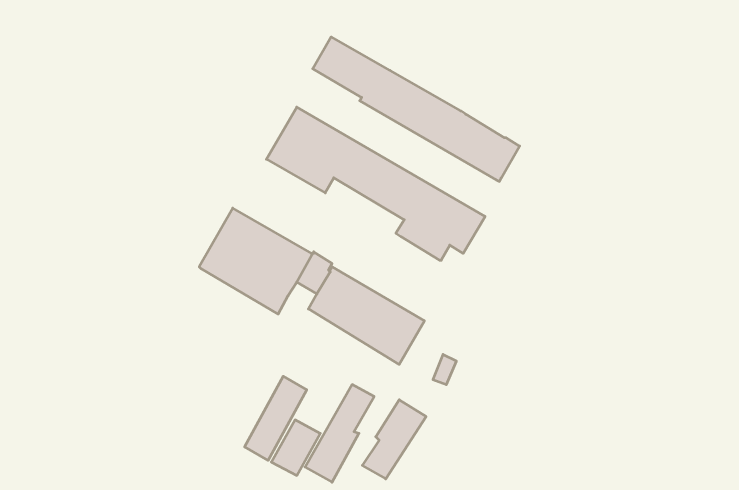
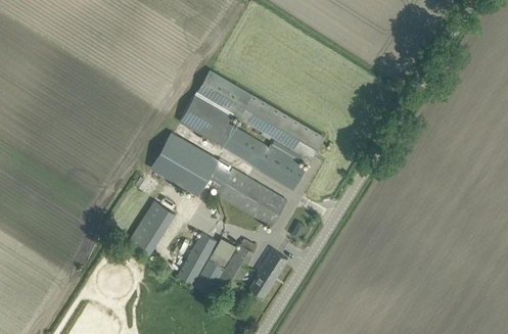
building: [313,37,520,181] -> [179,102,305,190]
building: none -> [131,198,178,253]
building: none -> [209,238,235,267]

